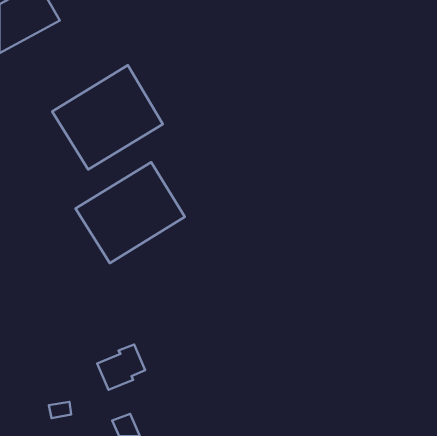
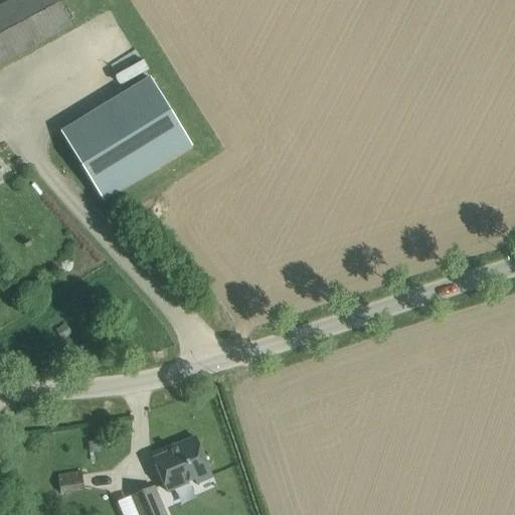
building: [75,162,185,263] -> none
building: [97,345,145,390] -> [153,437,209,490]

